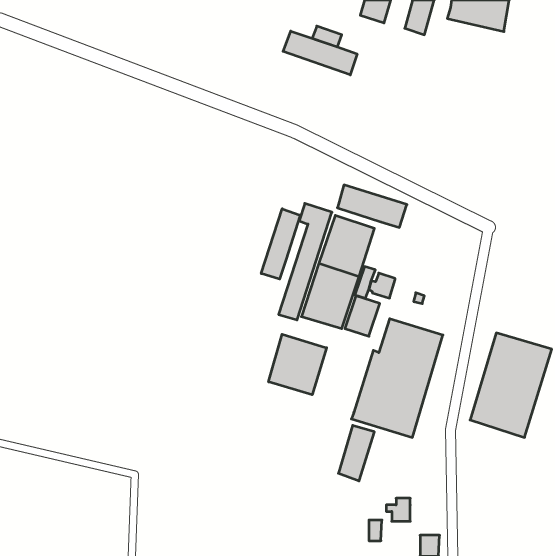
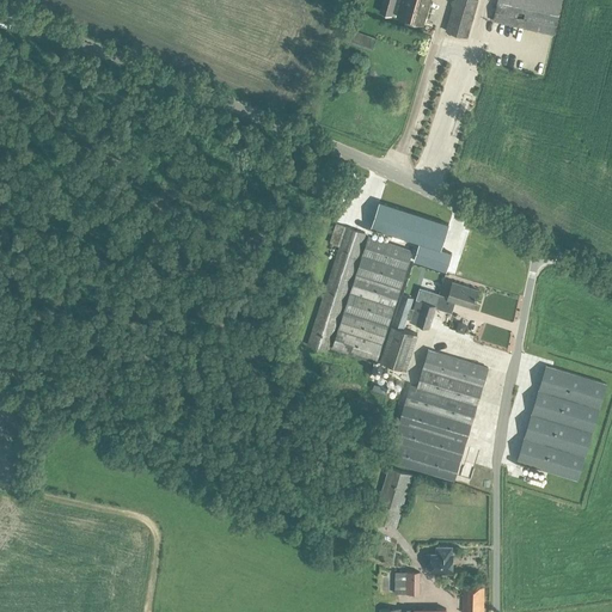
building: [283,31,357,75] -> none
building: [261,209,300,279] -> none
building: none -> [414,244,451,273]
building: none -> [434,282,477,313]
building: [269,334,327,395] -> none

